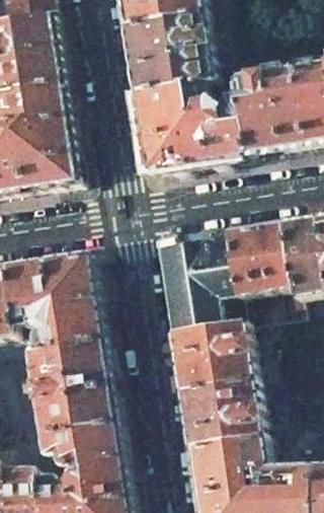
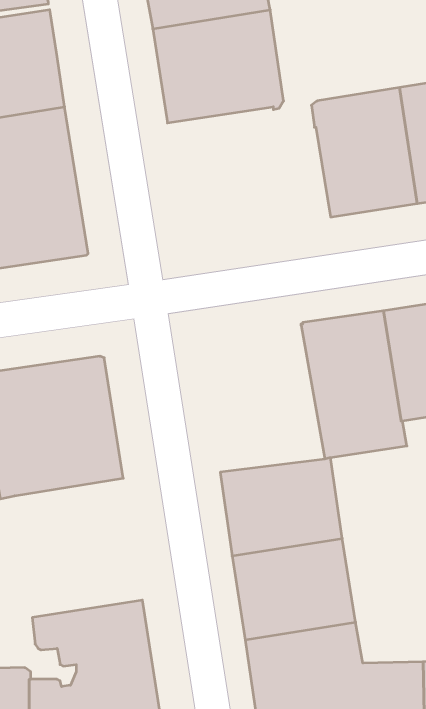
building: [131,81,243,172] -> none
building: [153,232,239,334] -> none
building: [25,338,113,434] -> none

